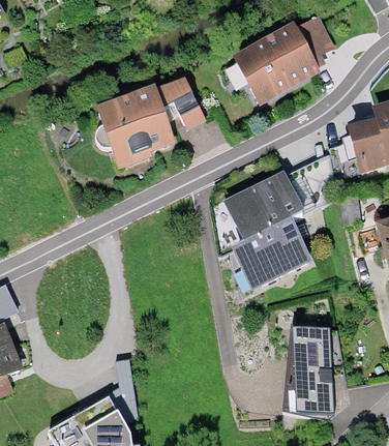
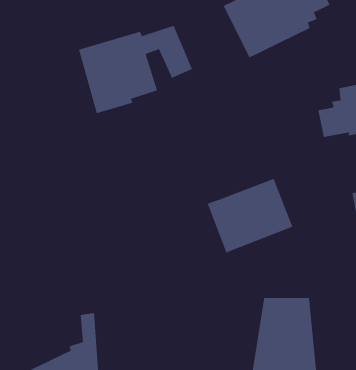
building: [223,154,334,241] -> none

